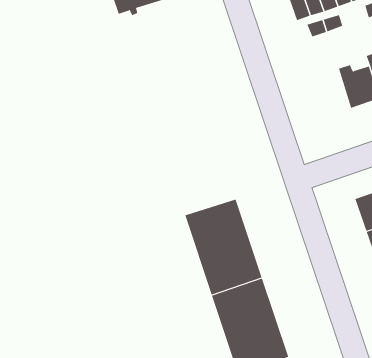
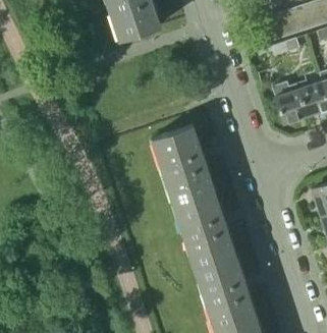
building: none -> [274,82,307,123]
building: none -> [151,124,214,202]

